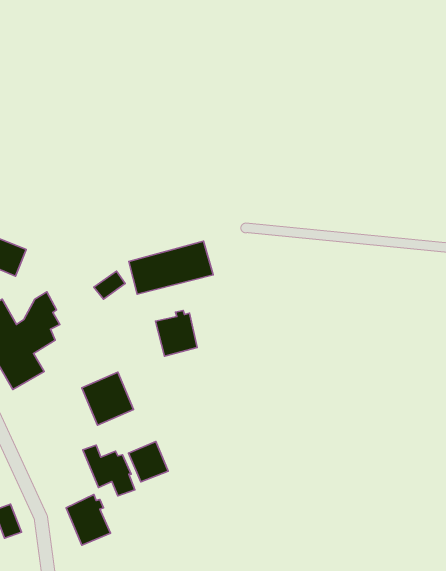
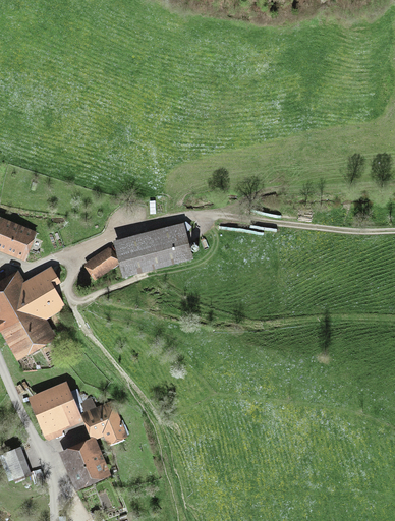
building: [155,310,197,356] -> none
building: [82,372,134,425] -> [35,389,78,433]
building: [129,442,168,482] -> none

